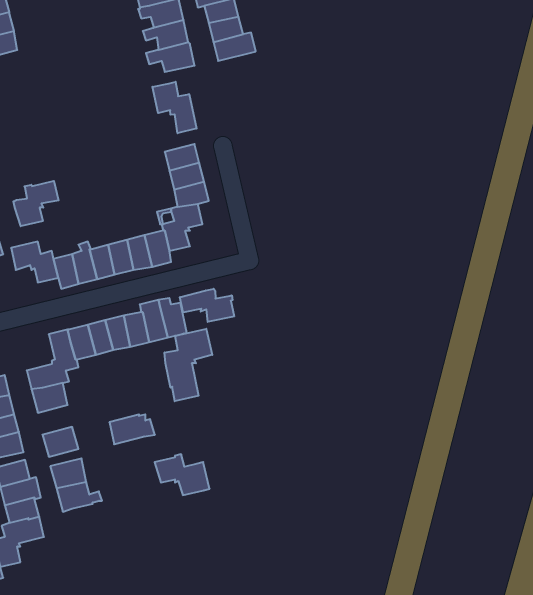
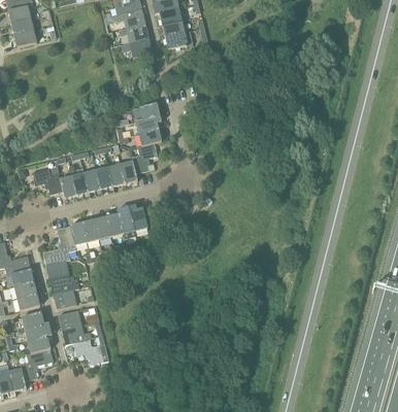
building: [152,82,197,133] -> none
building: [13,181,59,226] -> none
building: [180,289,234,322] -> none
building: [165,329,212,401] -> none
building: [109,414,155,444] -> [49,274,79,294]
building: [155,454,210,495] -> [72,337,108,364]

